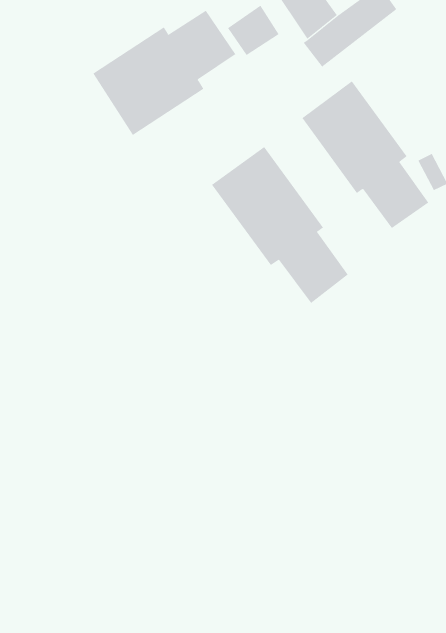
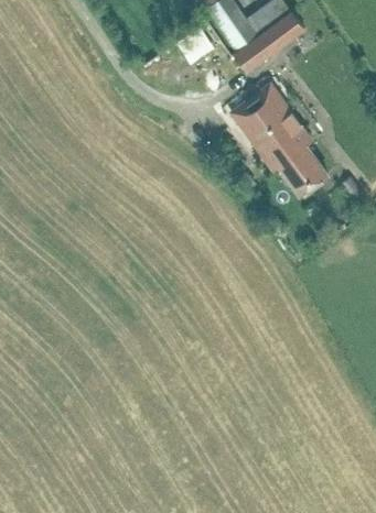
building: [93,10,236,136] -> none
building: [211,146,349,304] -> none

